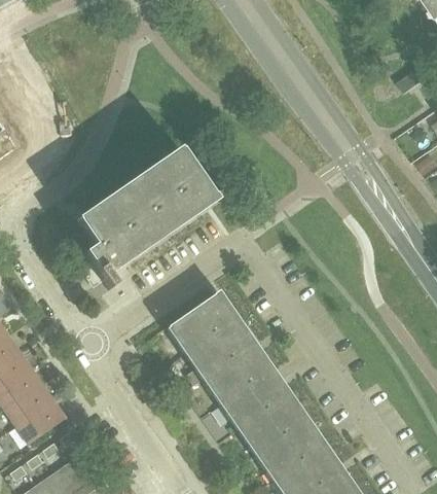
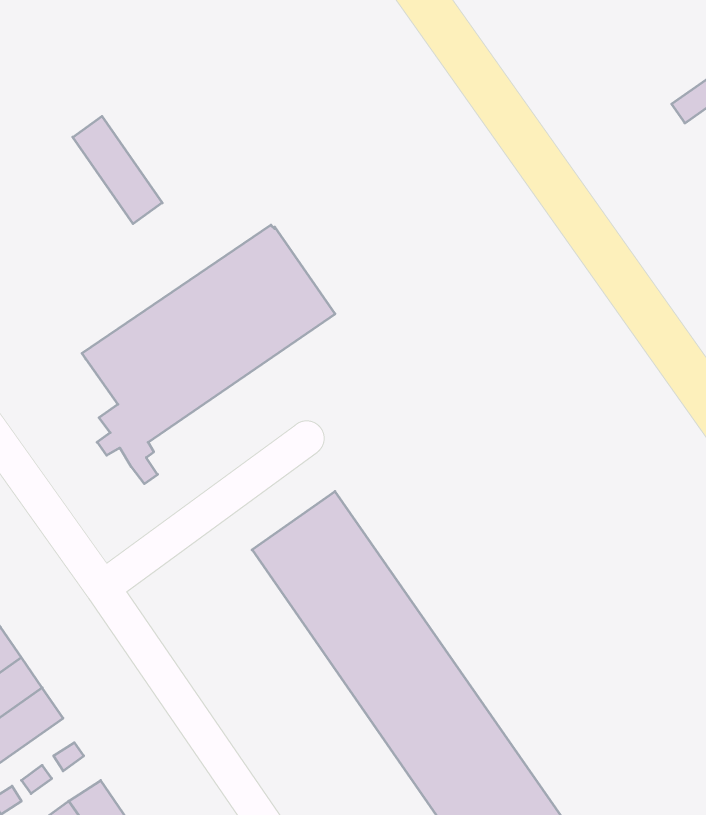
building: none -> [73,116,162,224]

